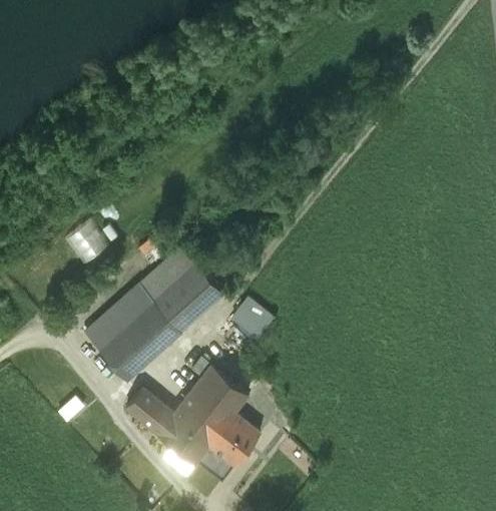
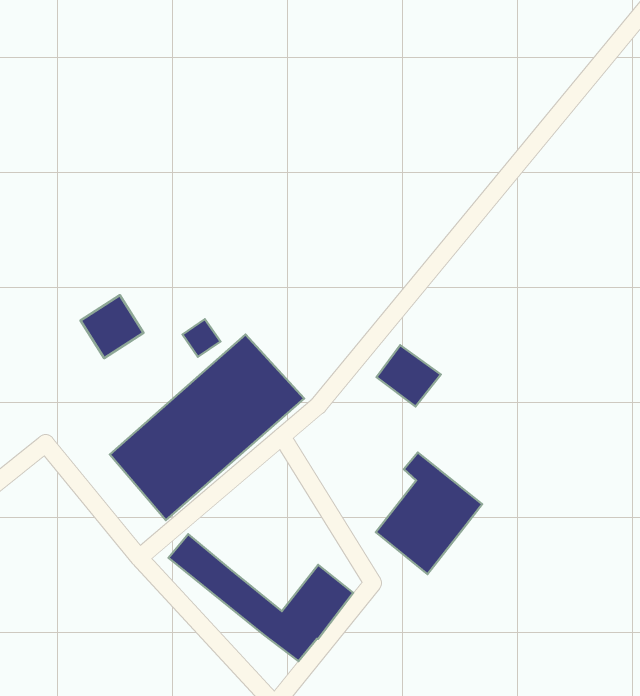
building: [228,295,275,339] -> [377,345,441,407]
building: [171,358,247,445] -> [376,452,482,574]

